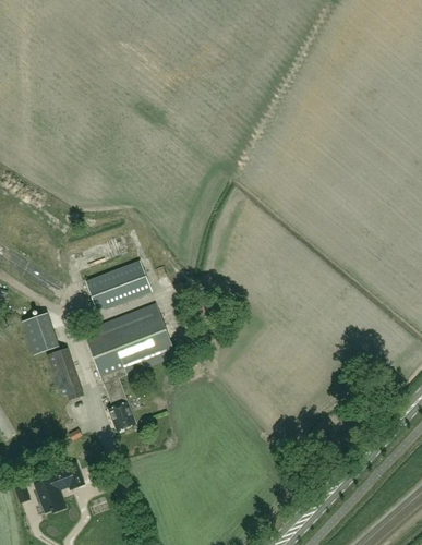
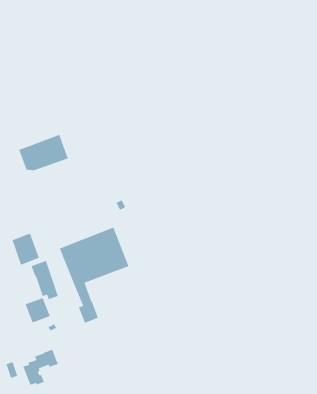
building: [85,259,152,308] -> [18,134,69,171]
building: none -> [24,297,51,323]

